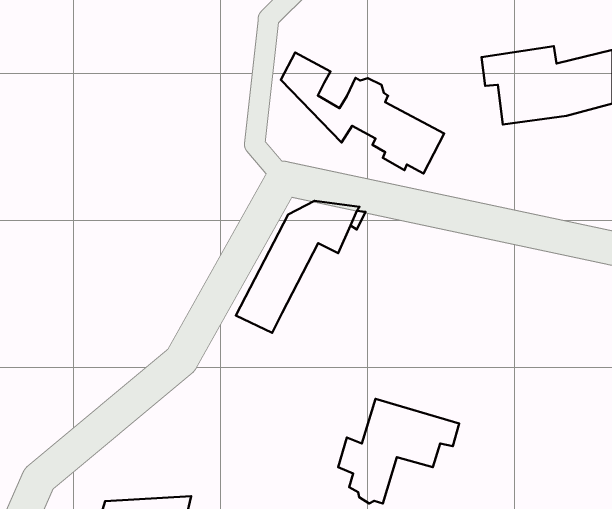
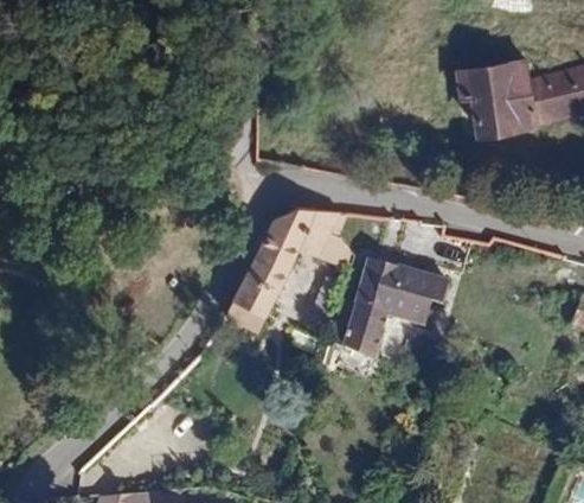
building: [281,53,444,174] -> none
building: [338,399,459,503] -> [334,261,449,361]

